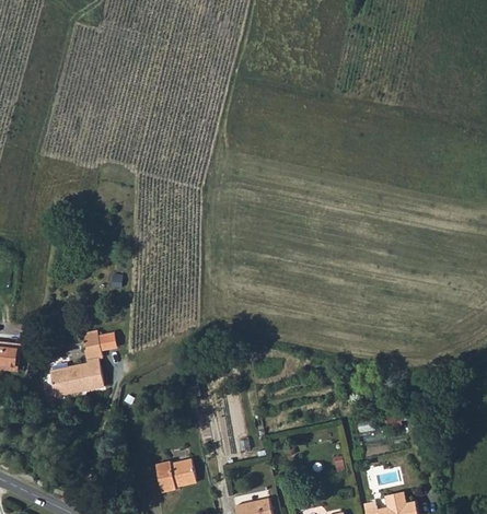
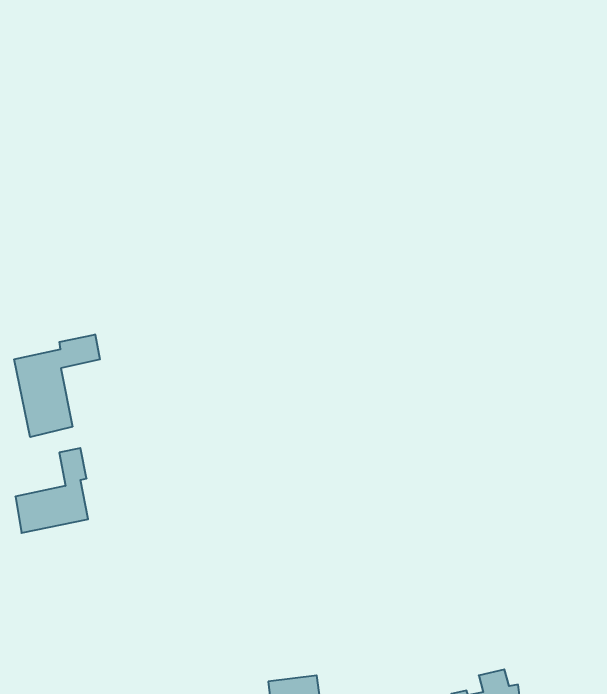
building: none -> [14,334,100,437]
building: [155,459,196,493] -> none

